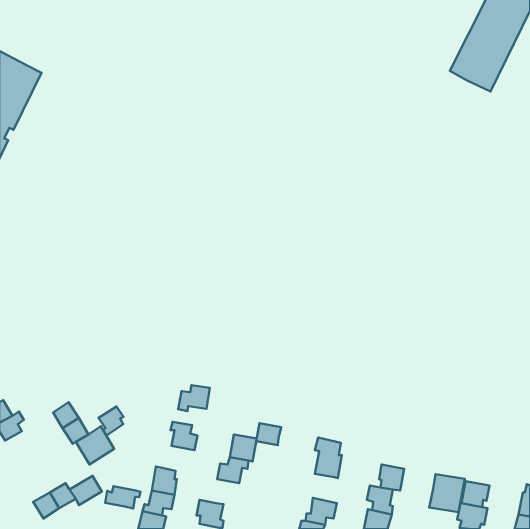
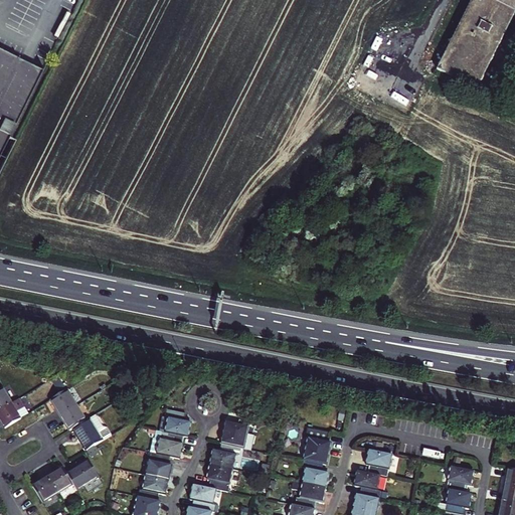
building: [178,385,210,411] -> none
building: [98,407,123,435] -> none
building: [256,423,281,445] -> none
building: none -> [157,431,183,458]
building: none -> [303,459,329,487]
building: [429,474,465,512] -> none
building: none -> [207,464,231,491]
building: [105,486,141,509] -> none

